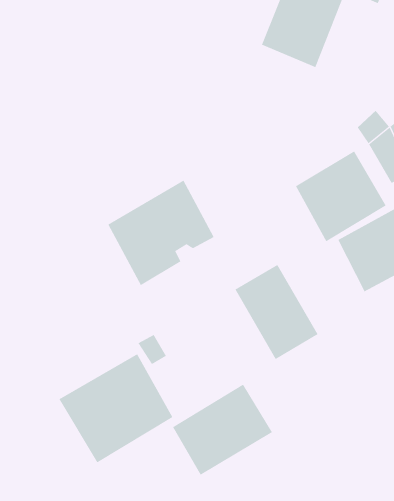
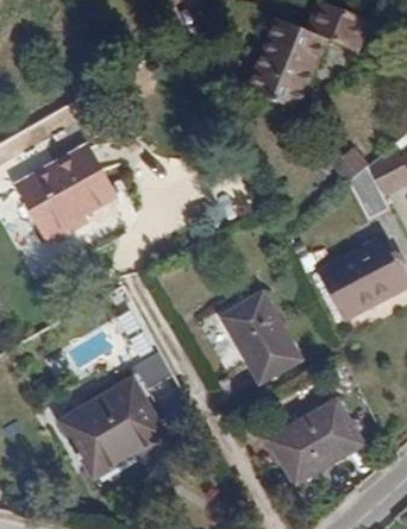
building: [295,150,386,242] -> none
building: [107,180,214,286] -> [17,144,117,243]
building: [172,384,273,476] -> [268,399,362,485]

